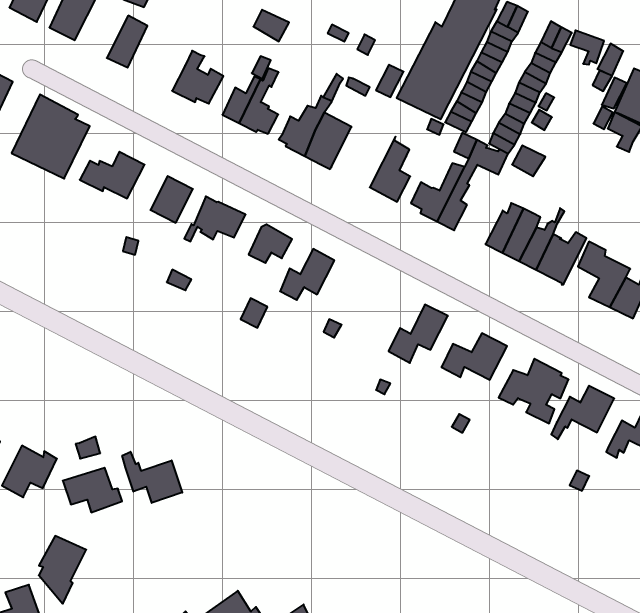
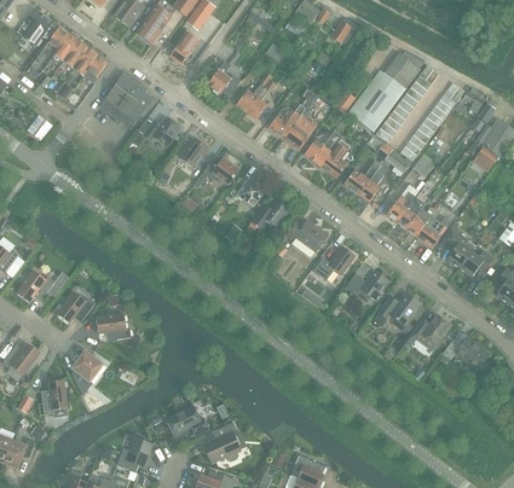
building: none -> [305,130,341,165]
building: none -> [285,220,327,251]
building: [122,452,182,503] -> none

